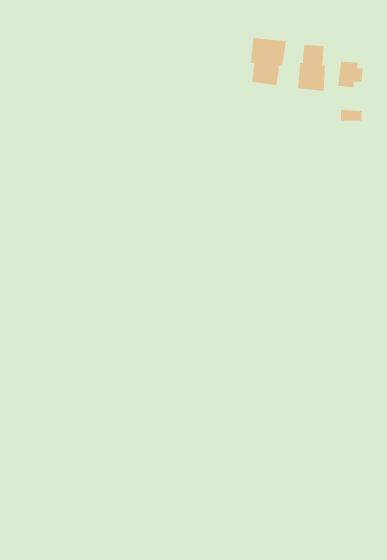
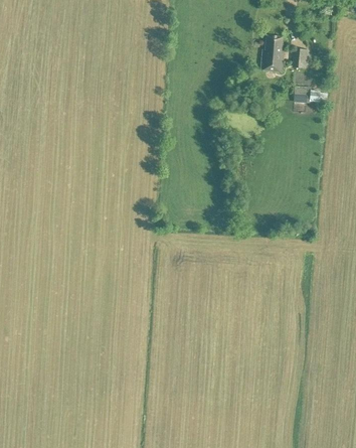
building: [251,37,287,86] -> none

